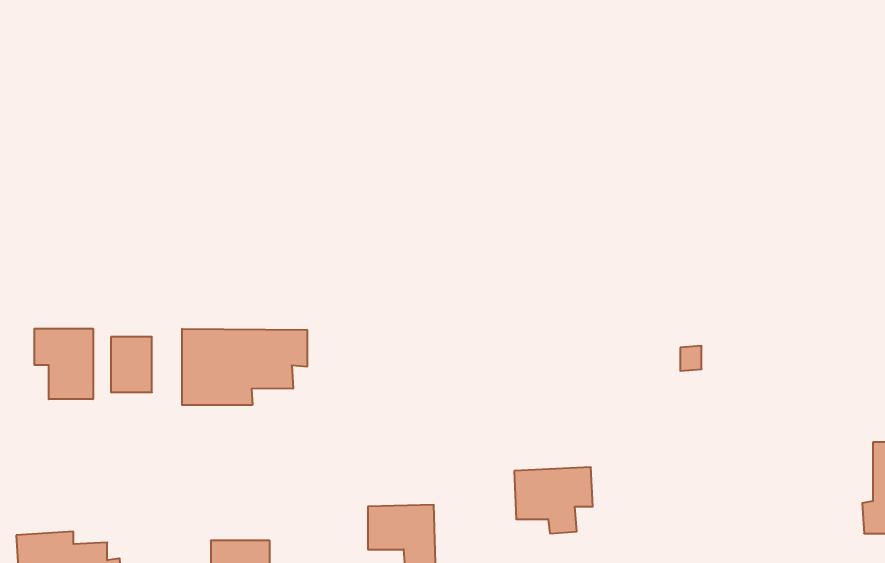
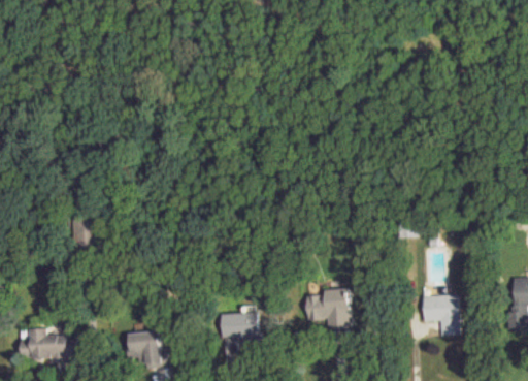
building: [34,329,93,399] -> none
building: [182,329,307,405] -> none
building: none -> [421,295,458,336]

